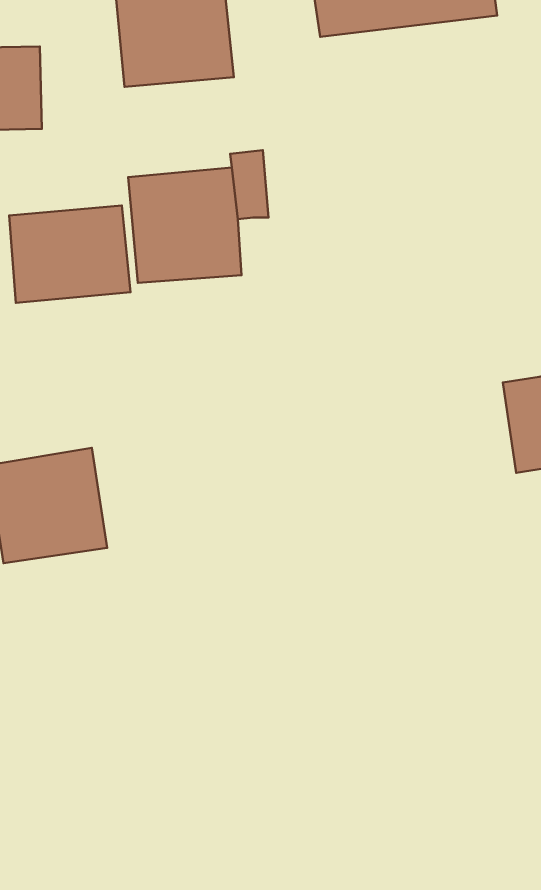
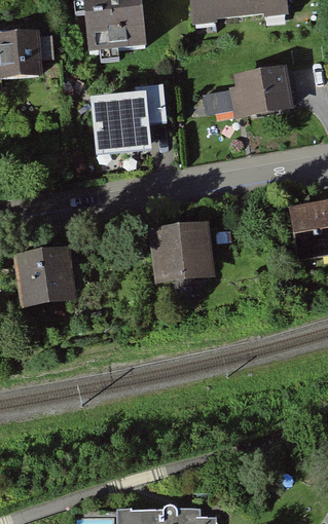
building: none -> [203,67,292,117]
building: [9,205,131,303] -> none
building: none -> [147,218,216,278]

